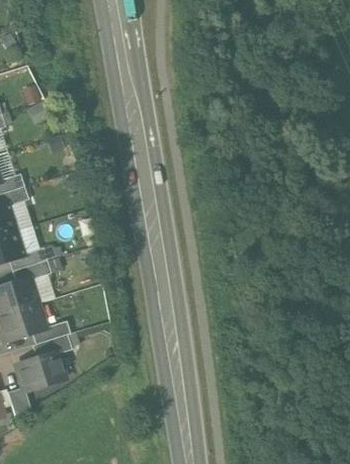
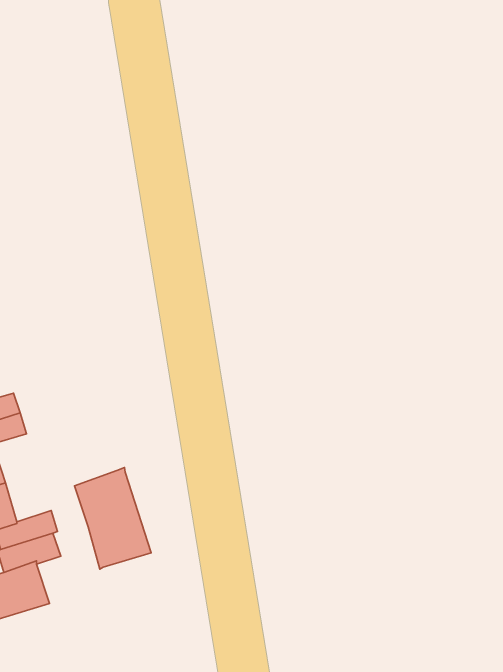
building: none -> [74,468,151,569]

